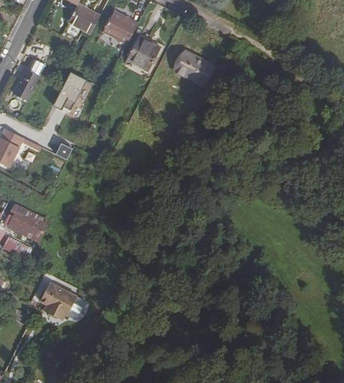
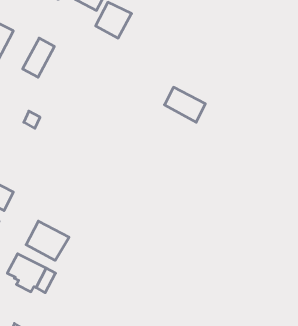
building: [173,51,213,85] -> [164,87,205,122]
building: none -> [26,221,69,260]

